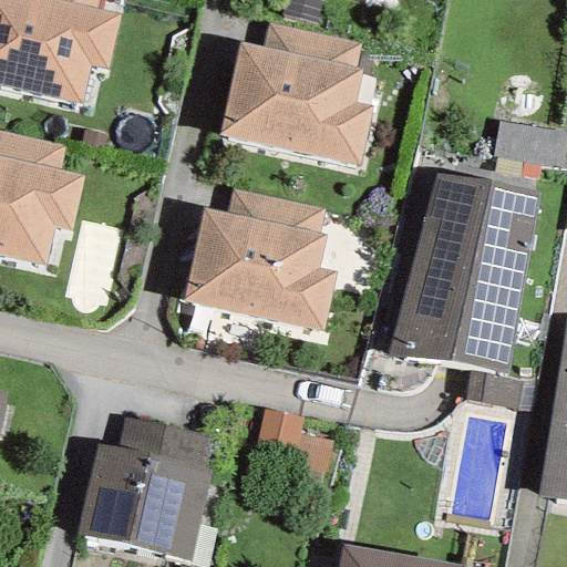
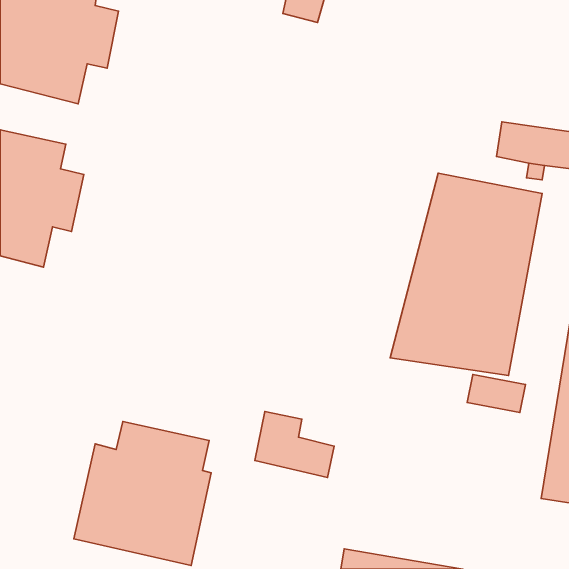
building: [220,23,370,163] -> none
building: [185,188,336,329] -> none

